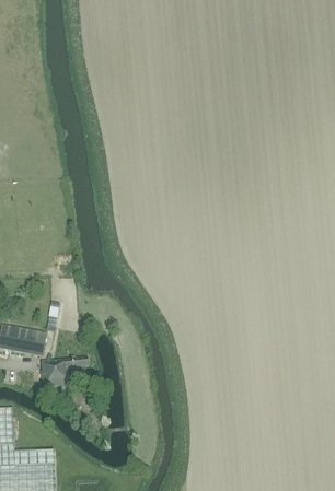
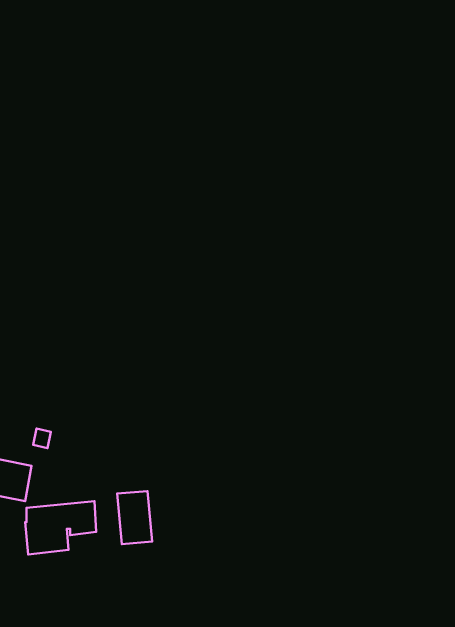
building: none -> [117,491,152,544]

